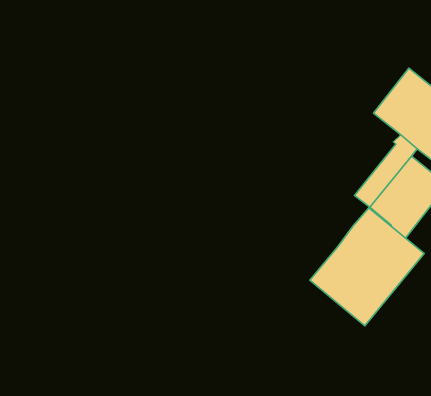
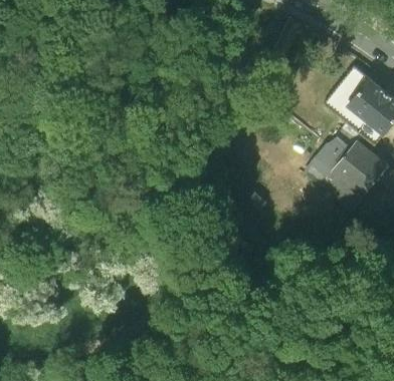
building: [310,208,424,326] -> none

